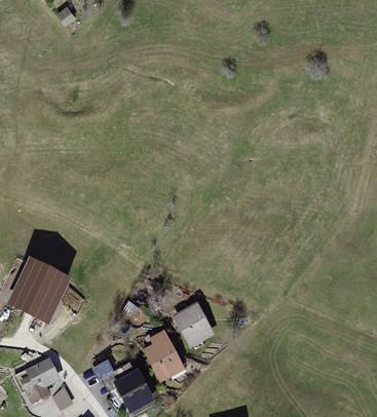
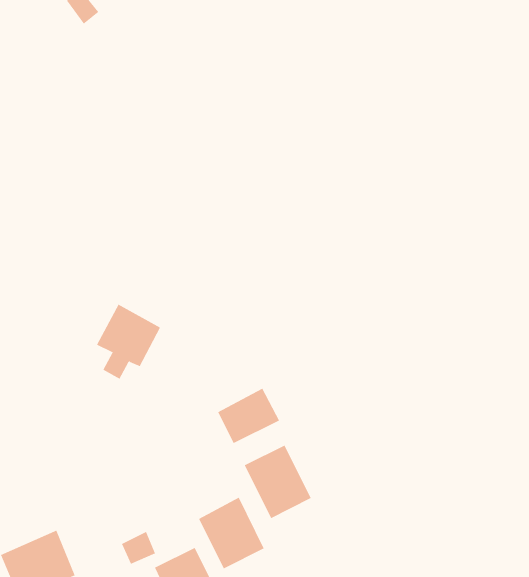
building: none -> [217,388,280,444]
building: [20,267,62,316] -> [96,304,161,379]

